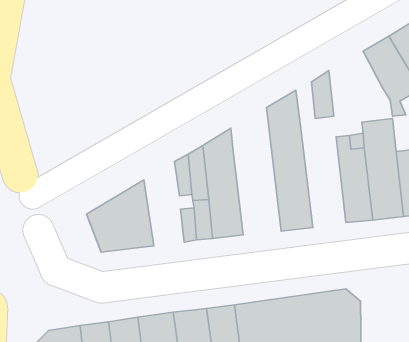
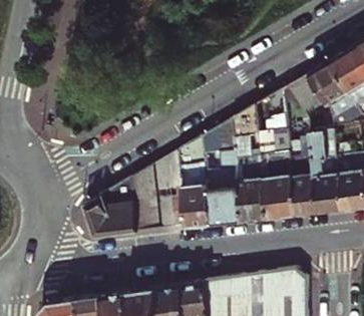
building: none -> [285,74,324,116]
building: none -> [200,120,241,225]
building: none -> [257,133,294,219]
building: none -> [128,169,156,234]

